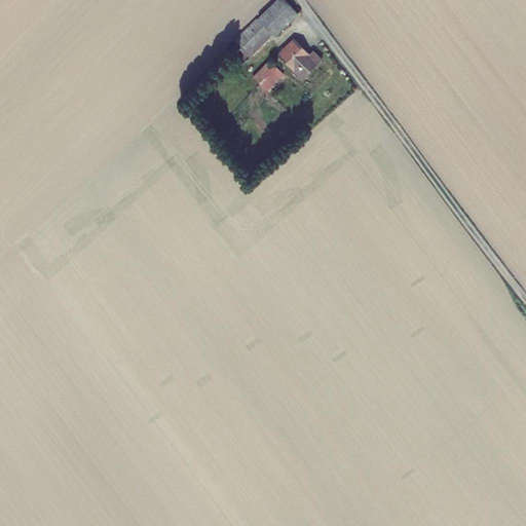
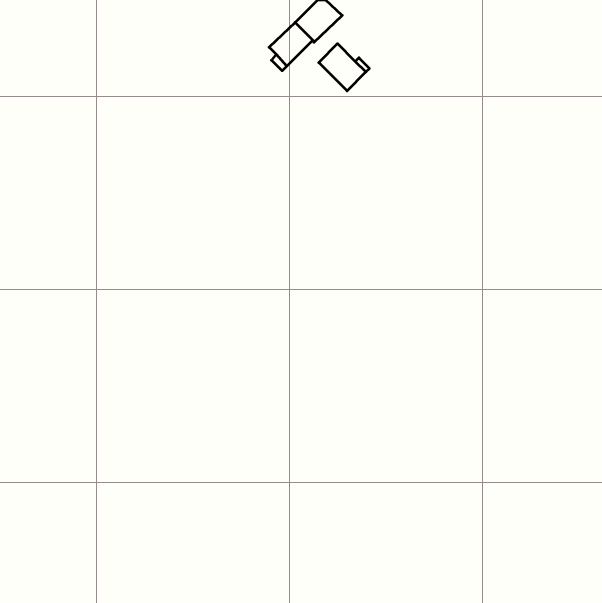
building: [253,61,283,90] -> none

